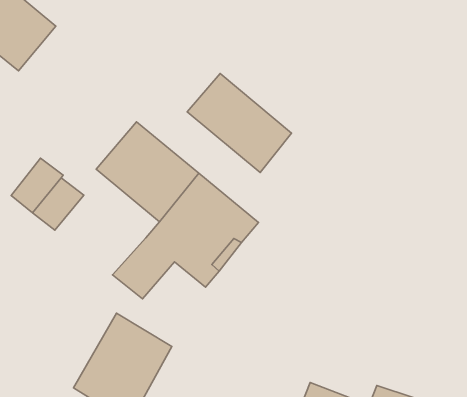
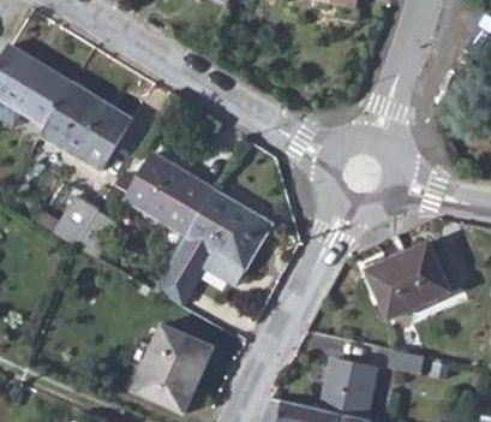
building: none -> [38,82,132,172]
building: [187,74,291,173] -> none
building: none -> [366,239,450,317]

